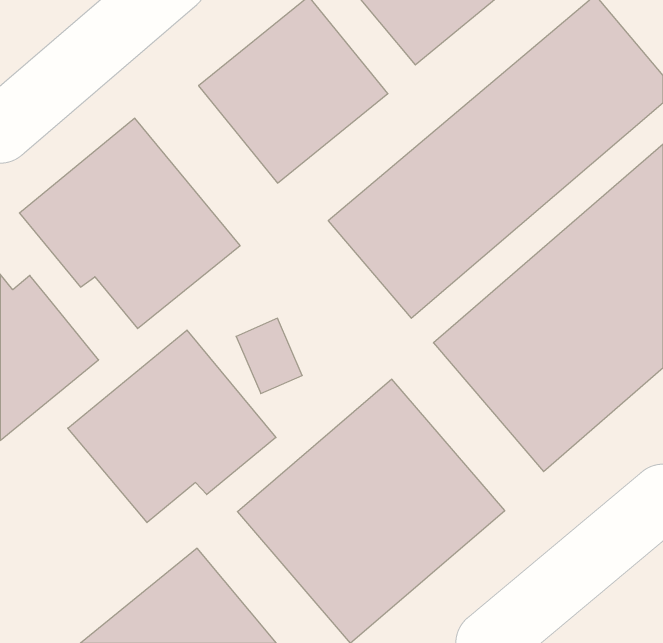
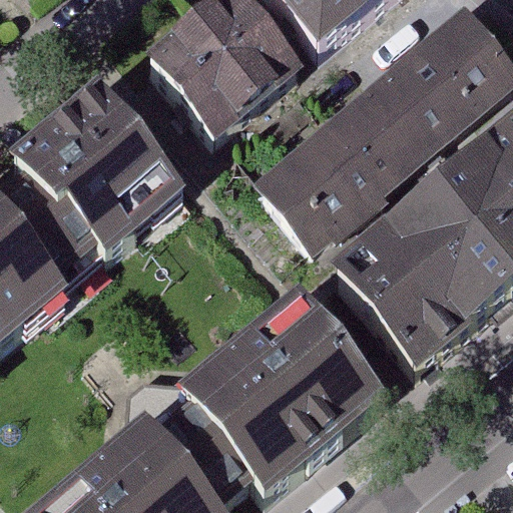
building: [68,330,276,523] -> none

